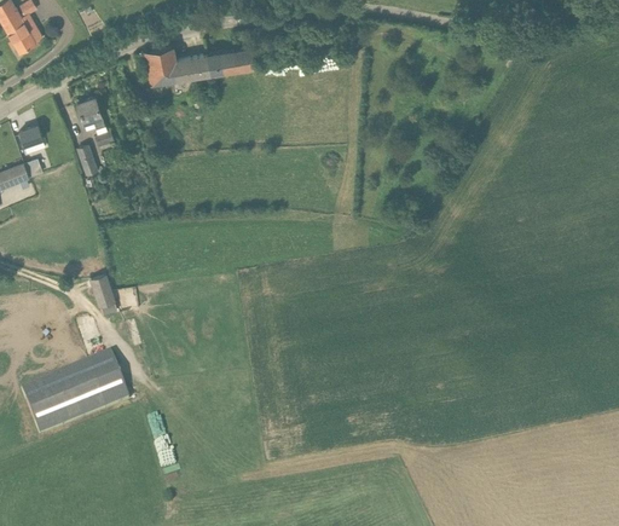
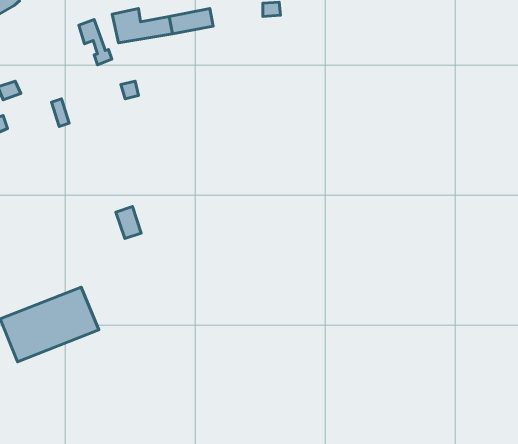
building: [77,96,114,145] -> [79,20,112,65]
building: [88,272,116,307] -> [116,207,141,239]

